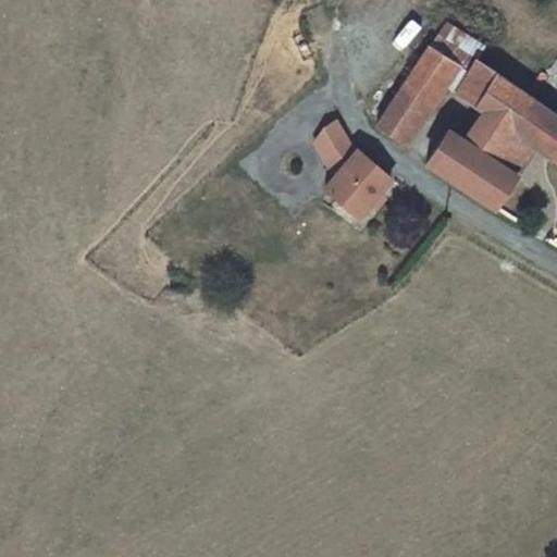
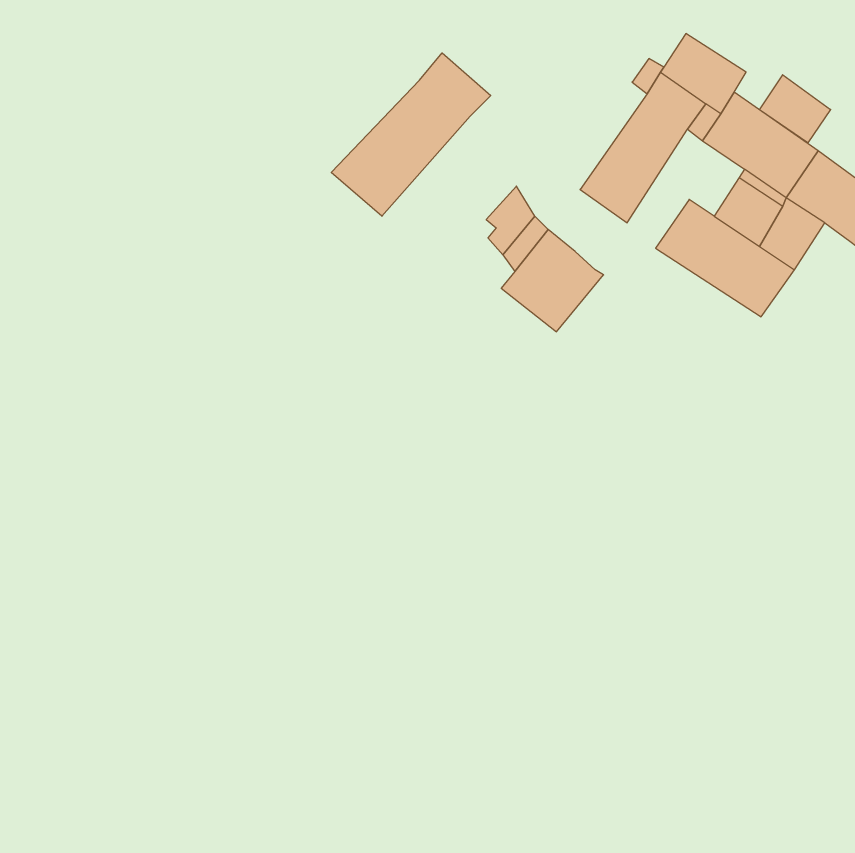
building: none -> [331,53,491,216]
building: none -> [760,75,831,143]

